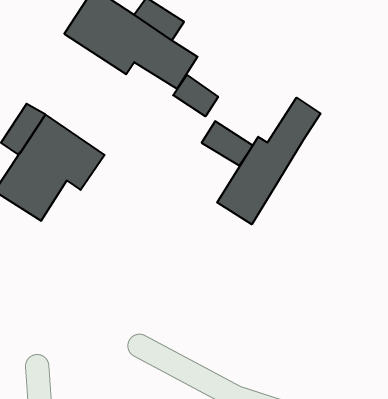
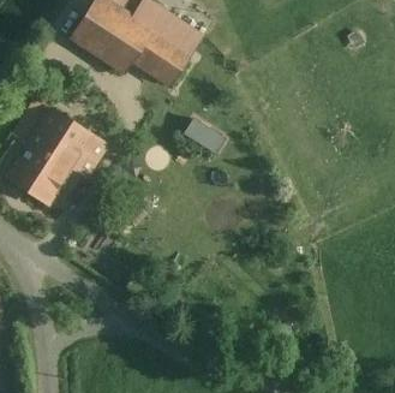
building: [173,75,218,116] -> none
building: [217,98,320,224] -> none

